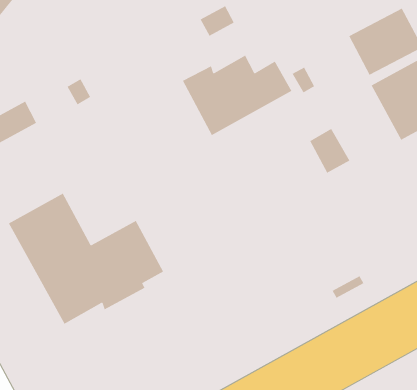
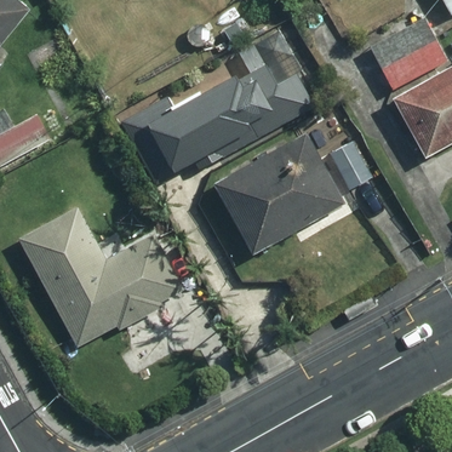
building: none -> [122,93,230,184]
building: none -> [213,135,343,254]

